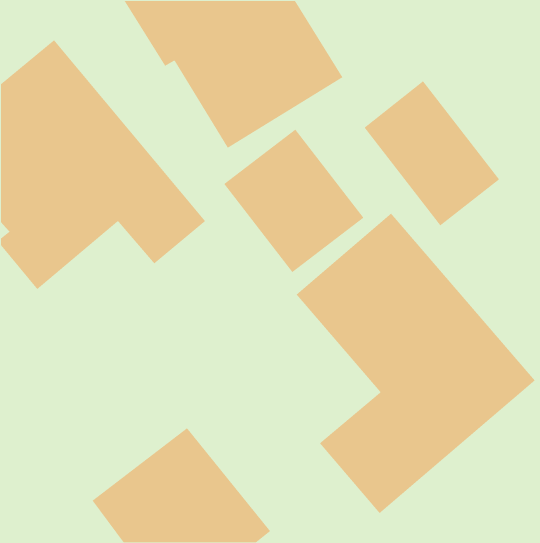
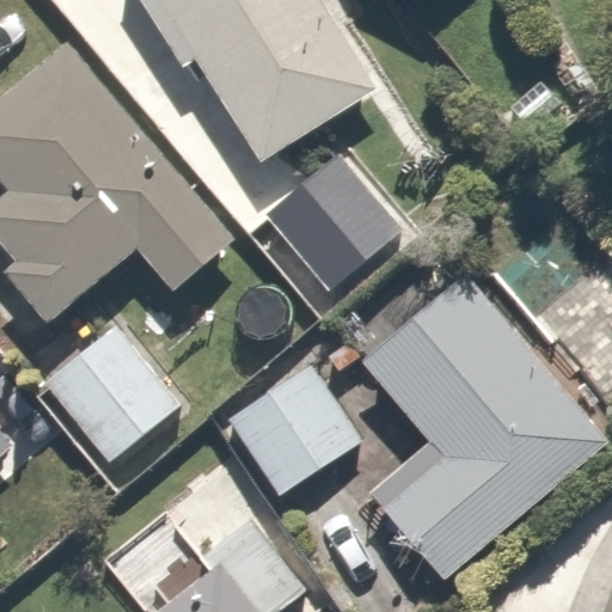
building: [363,80,500,226] -> none
building: none -> [47,326,179,461]
building: none -> [227,368,360,492]

